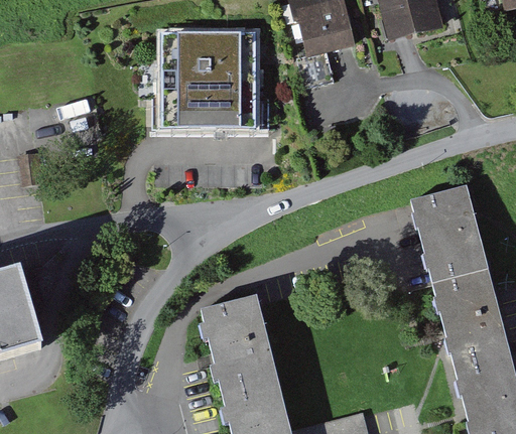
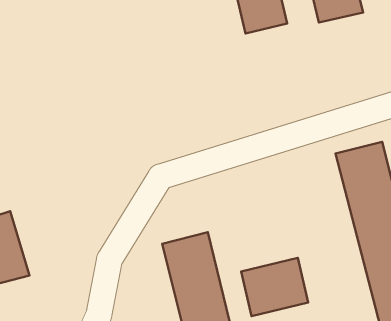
building: [158,34,254,129] -> none
building: none -> [241,258,308,316]

